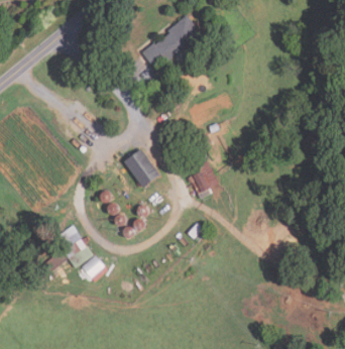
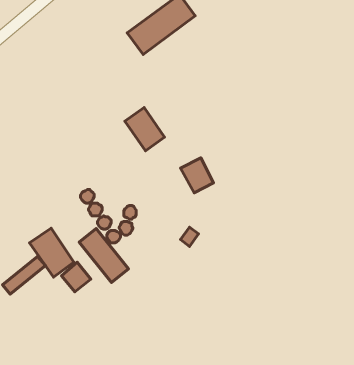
building: [123,149,158,188] -> [125,108,165,151]
building: none -> [79,229,128,283]

